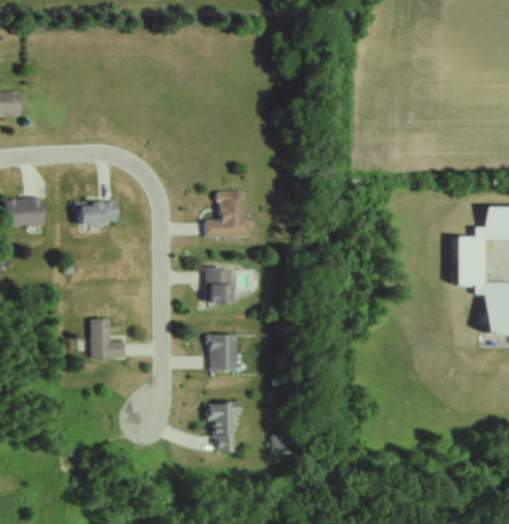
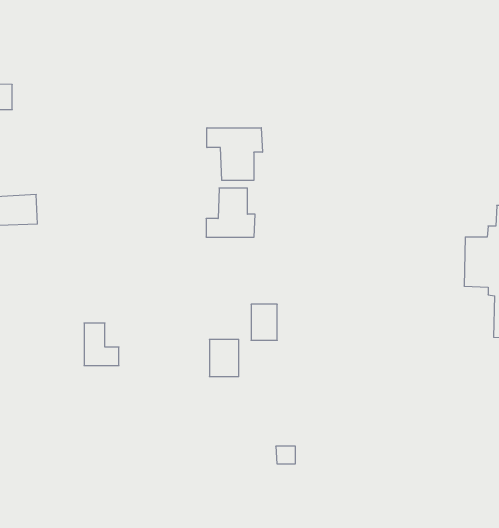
building: none -> [207,128,262,180]
building: [77,201,118,225] -> none
building: [206,268,231,302] -> [251,304,277,340]
building: [208,402,236,452] -> none

